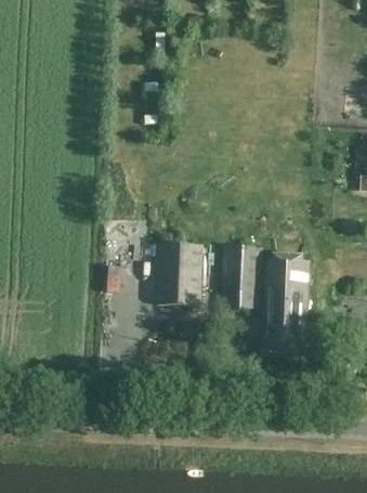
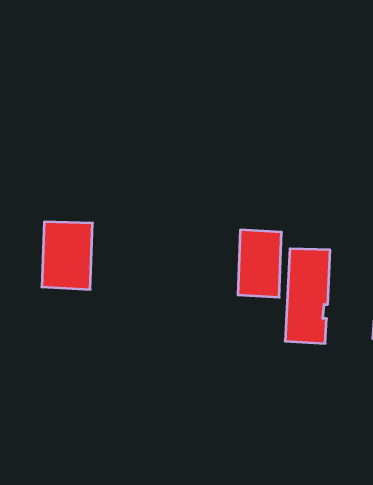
building: [156,242,202,303] -> [42,222,93,289]

